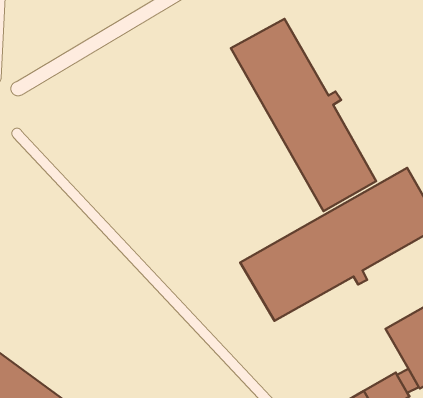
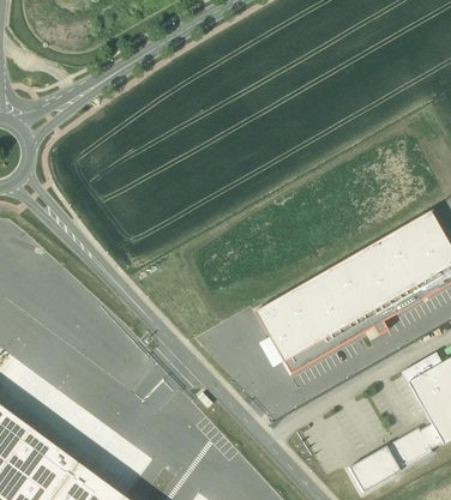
building: [231,19,376,211] -> none

